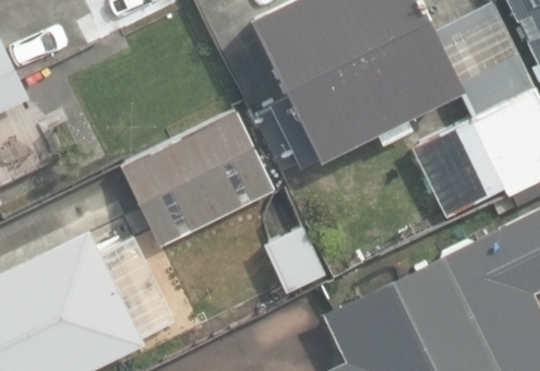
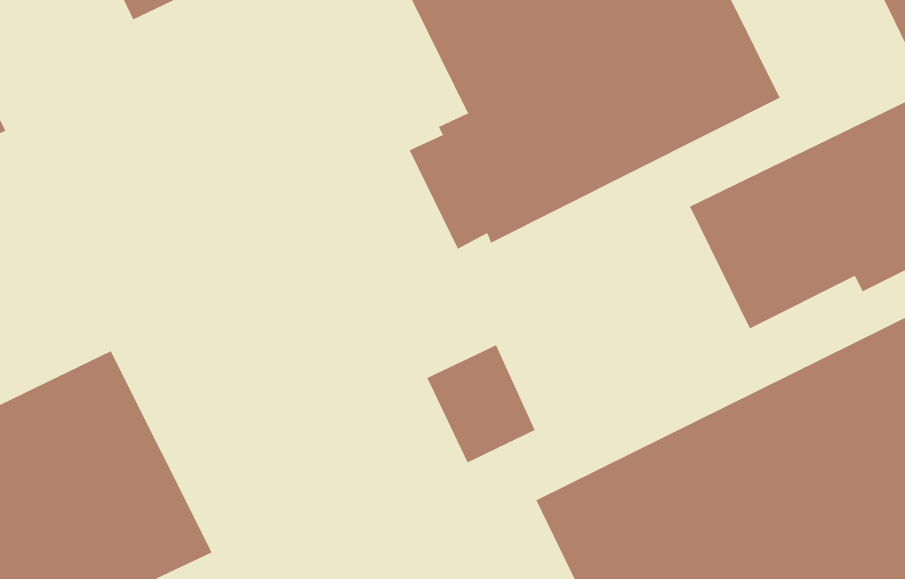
building: [120,107,280,248] -> none

